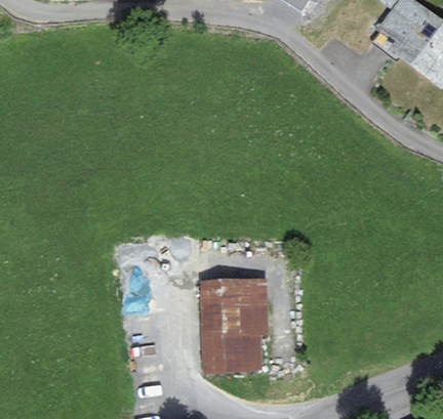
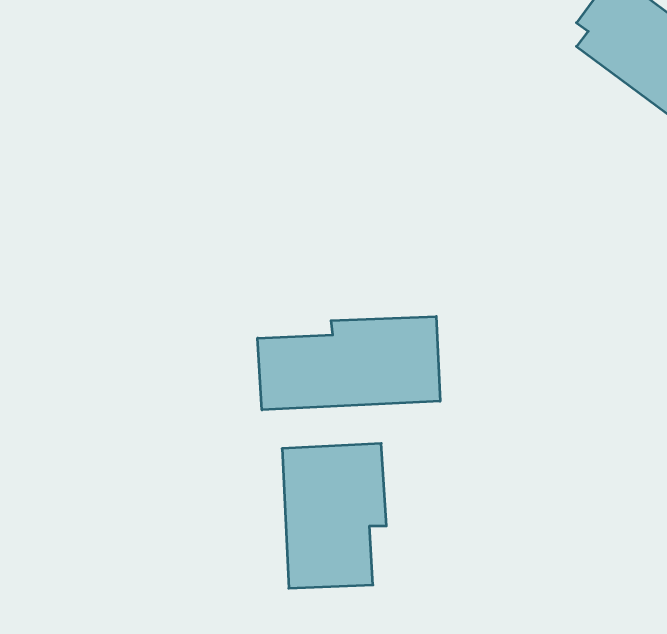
building: none -> [258,316,440,410]

